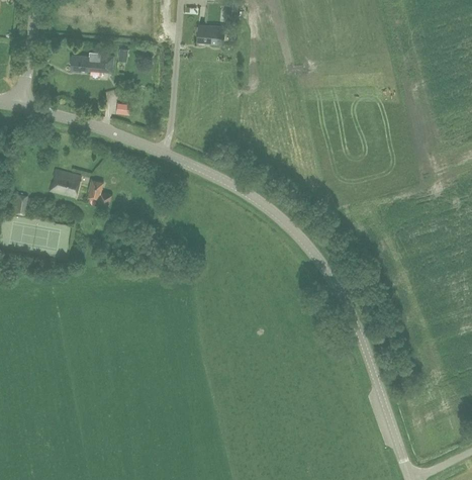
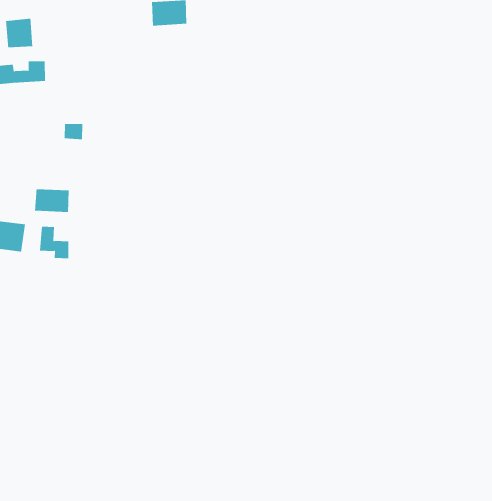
building: none -> [6,18,33,48]
building: none -> [34,188,69,213]

